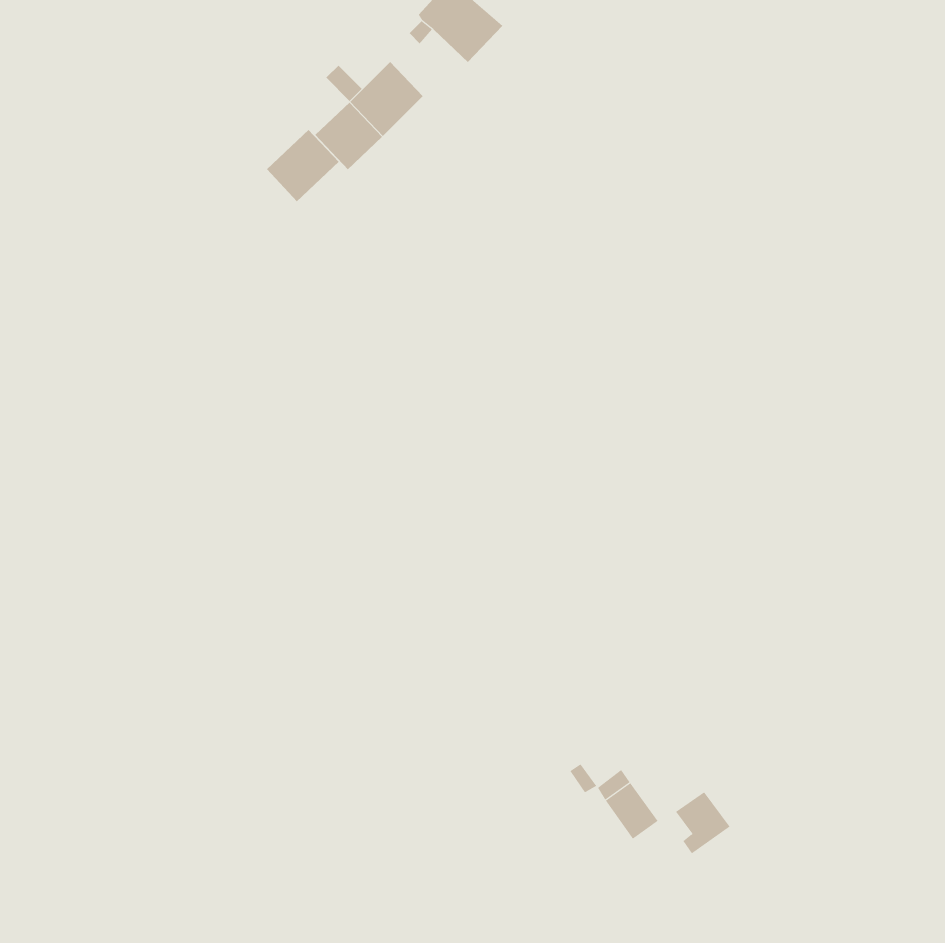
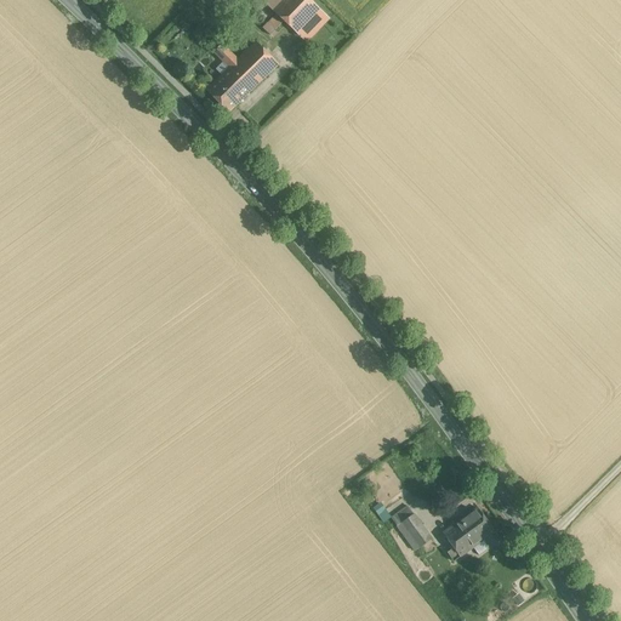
building: [266,129,339,202] -> none
building: none -> [462,507,495,542]

